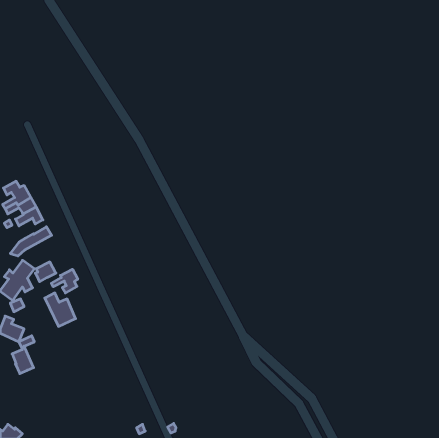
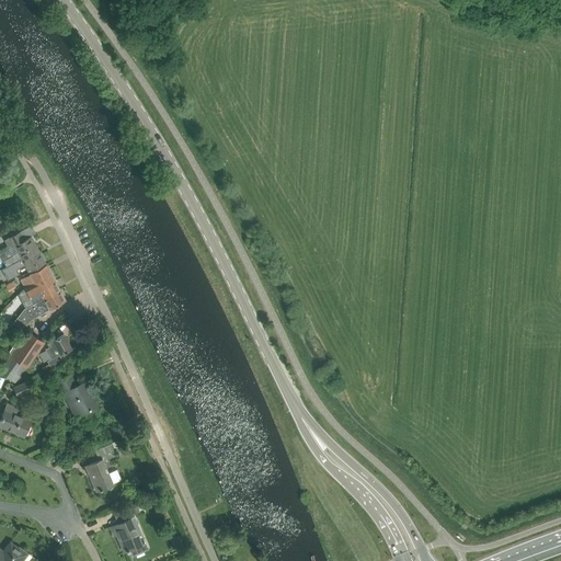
building: none -> [24,279,59,305]
building: [51,269,78,293] -> none
building: [12,336,34,374] -> [85,444,114,492]
building: none -> [111,505,142,553]

